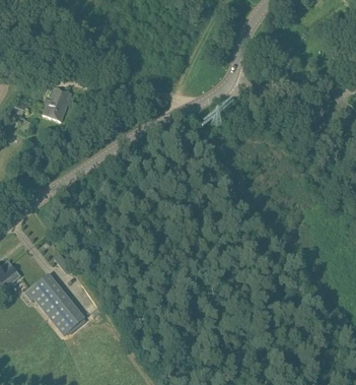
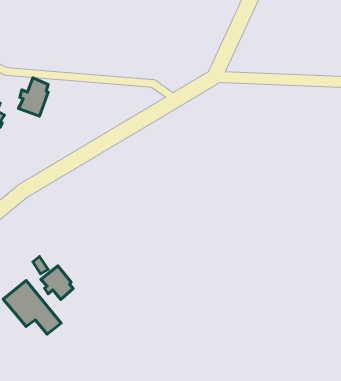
building: none -> [41,266,73,300]

